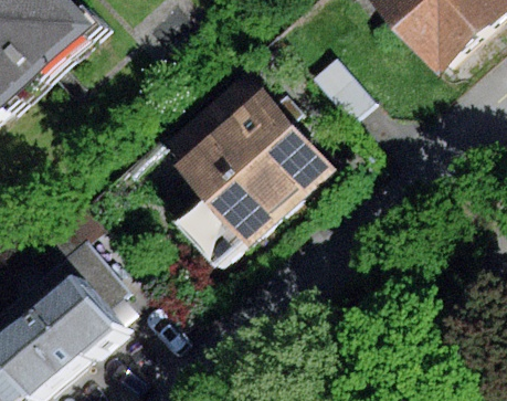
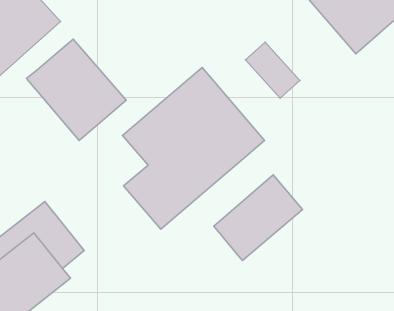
building: none -> [27,39,126,141]
building: none -> [214,175,303,260]

